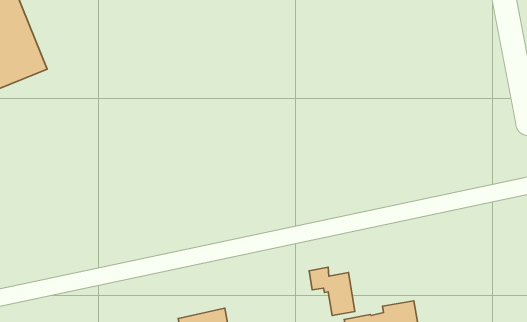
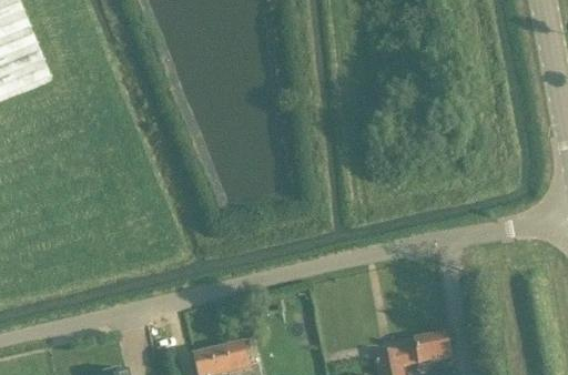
building: [309,267,355,315] -> none

